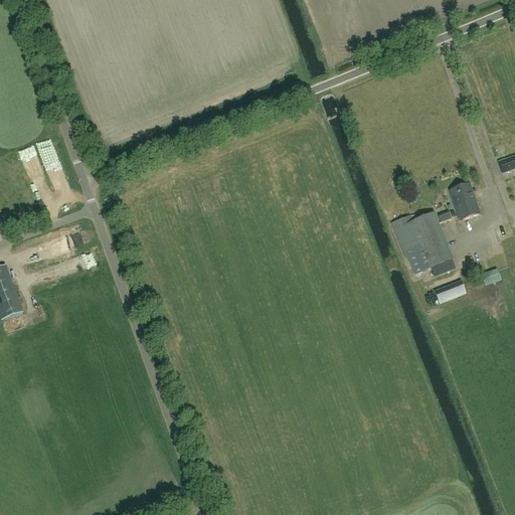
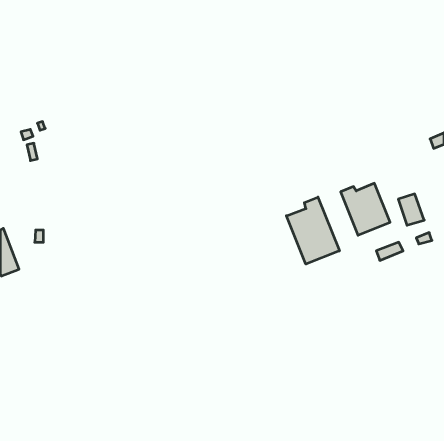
building: [450,183,480,219] -> [398,194,424,225]
building: none -> [286,197,339,264]

